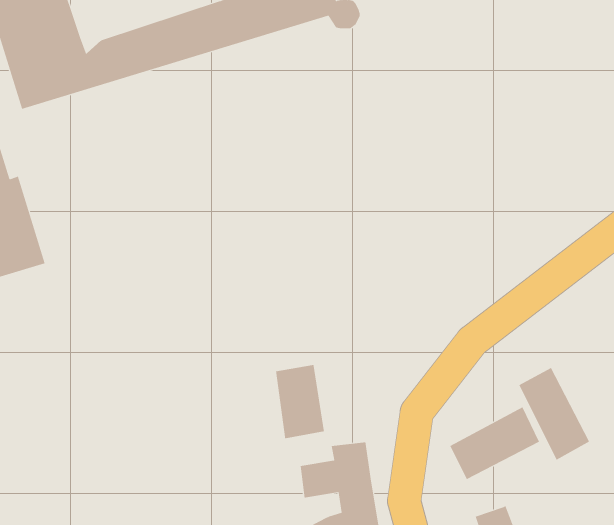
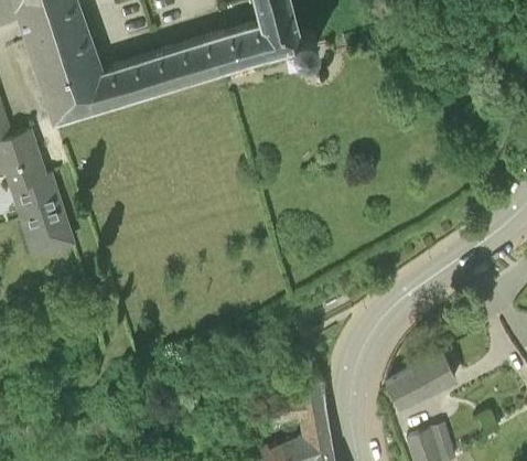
building: [275,364,325,439] -> none
building: [519,367,590,460] -> none

